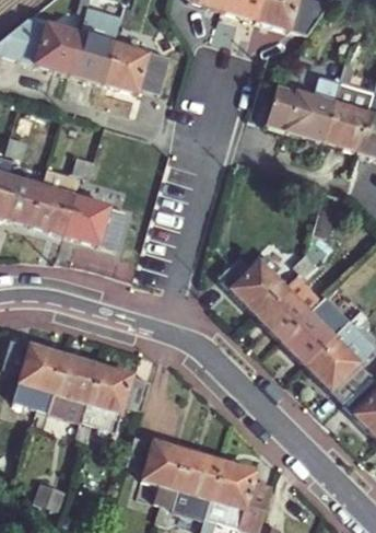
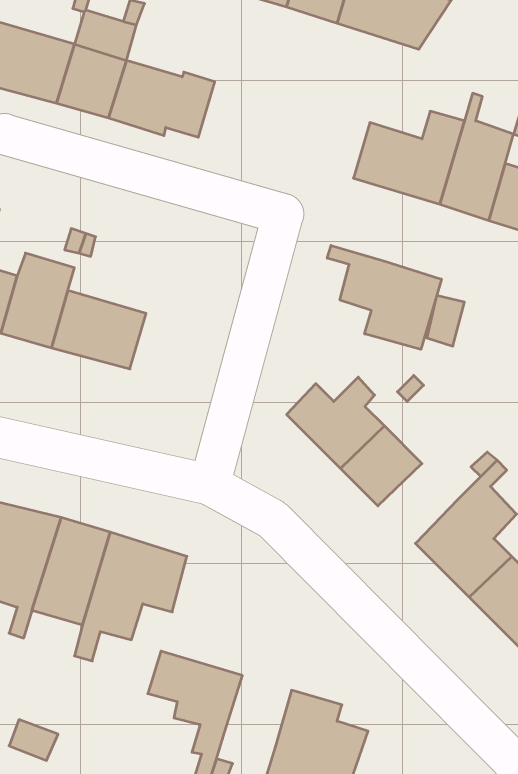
building: none -> [327,245,441,349]
building: [281,313,334,367] -> none
building: [178,455,223,503] -> none

